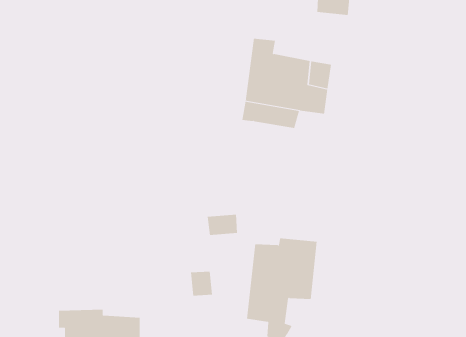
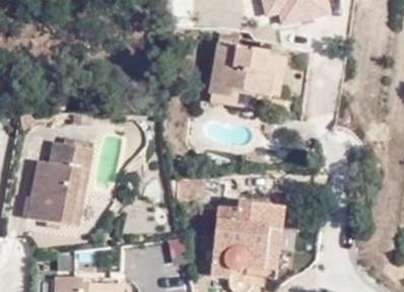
building: none -> [27,139,95,225]

